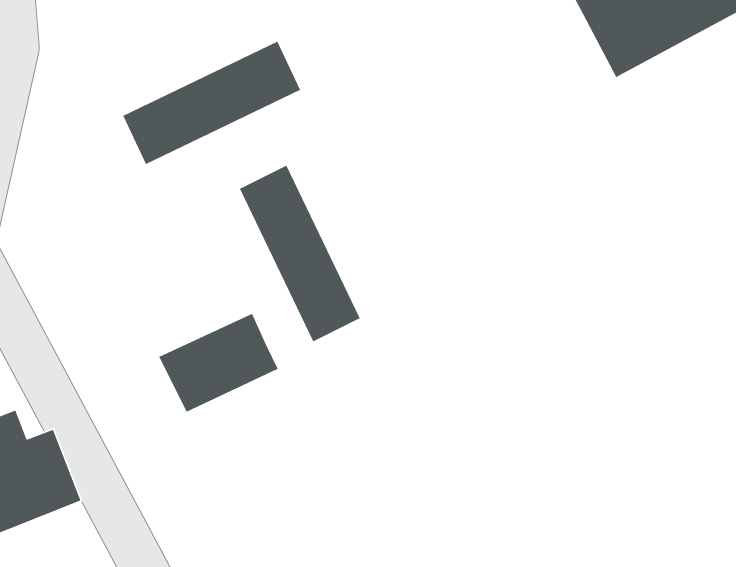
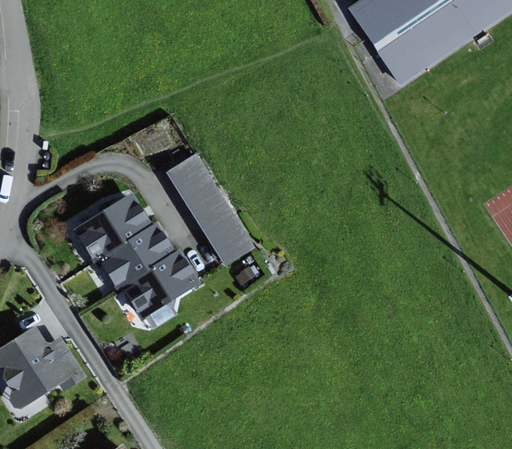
building: [122,40,301,165] -> none
building: none -> [78,194,177,292]

